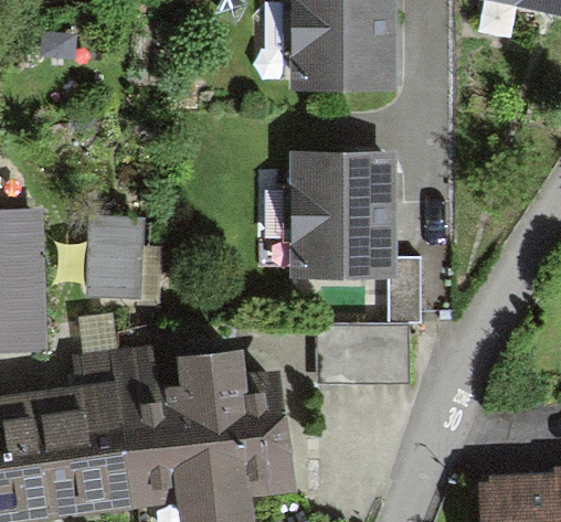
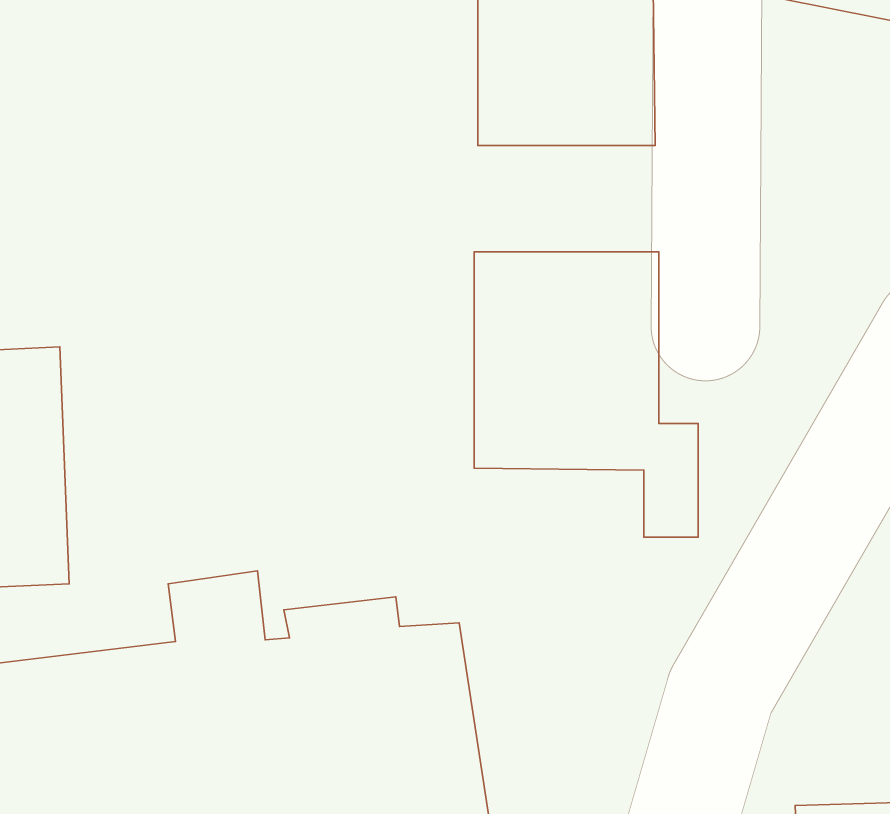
building: [85,215,142,297] -> none
building: [315,319,409,383] -> none

